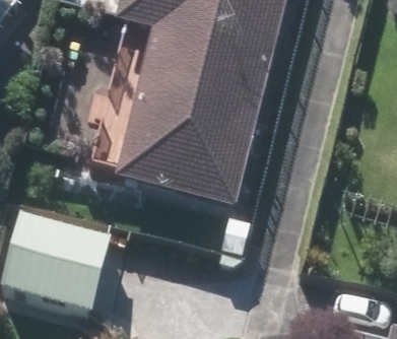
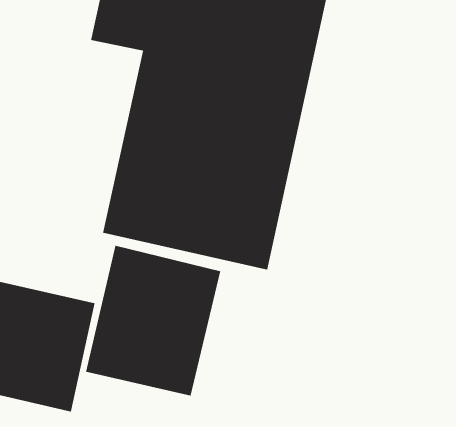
building: none -> [85,245,221,396]

